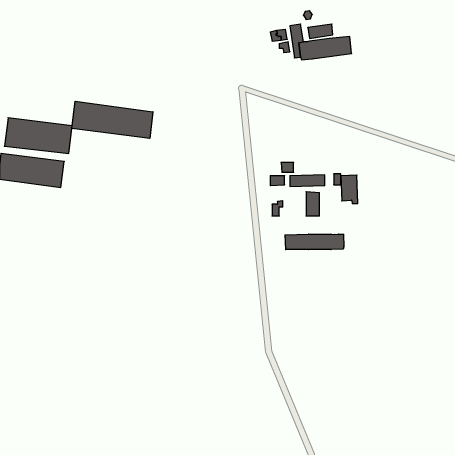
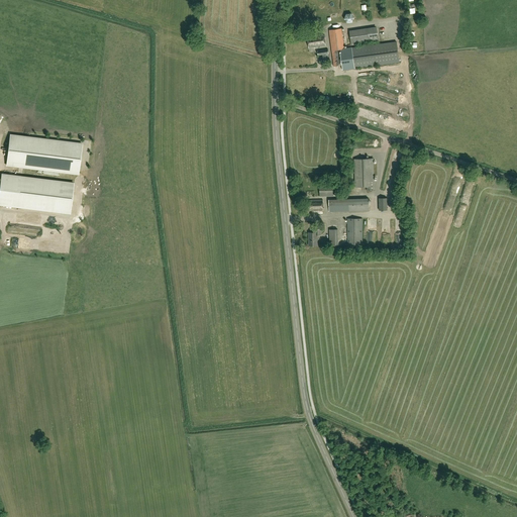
building: [72,101,153,138] -> none
building: [341,175,358,204] -> [353,157,373,189]
building: [285,234,344,250] -> none

